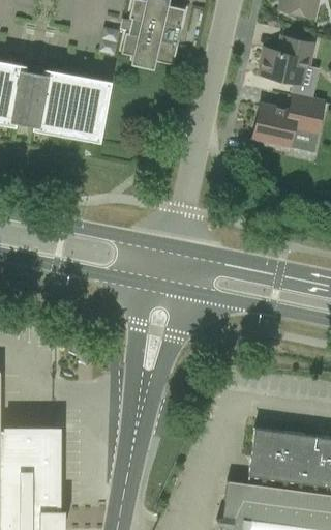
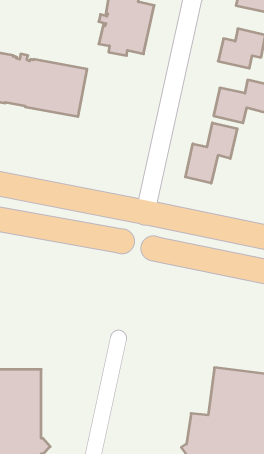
building: none -> [185,123,237,183]

